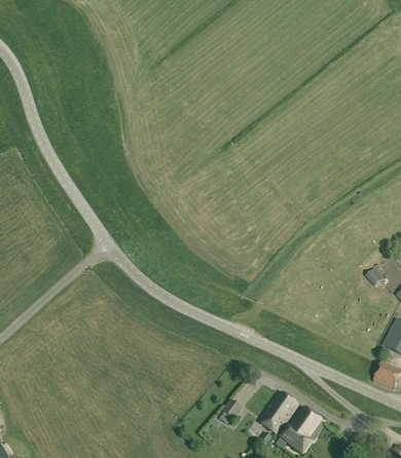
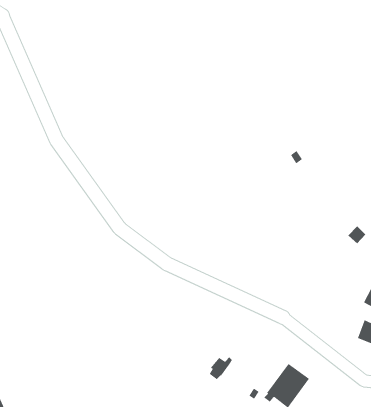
building: [258,391,297,433] -> none

